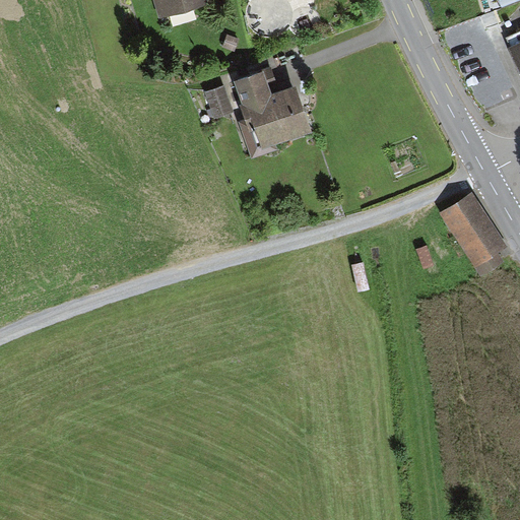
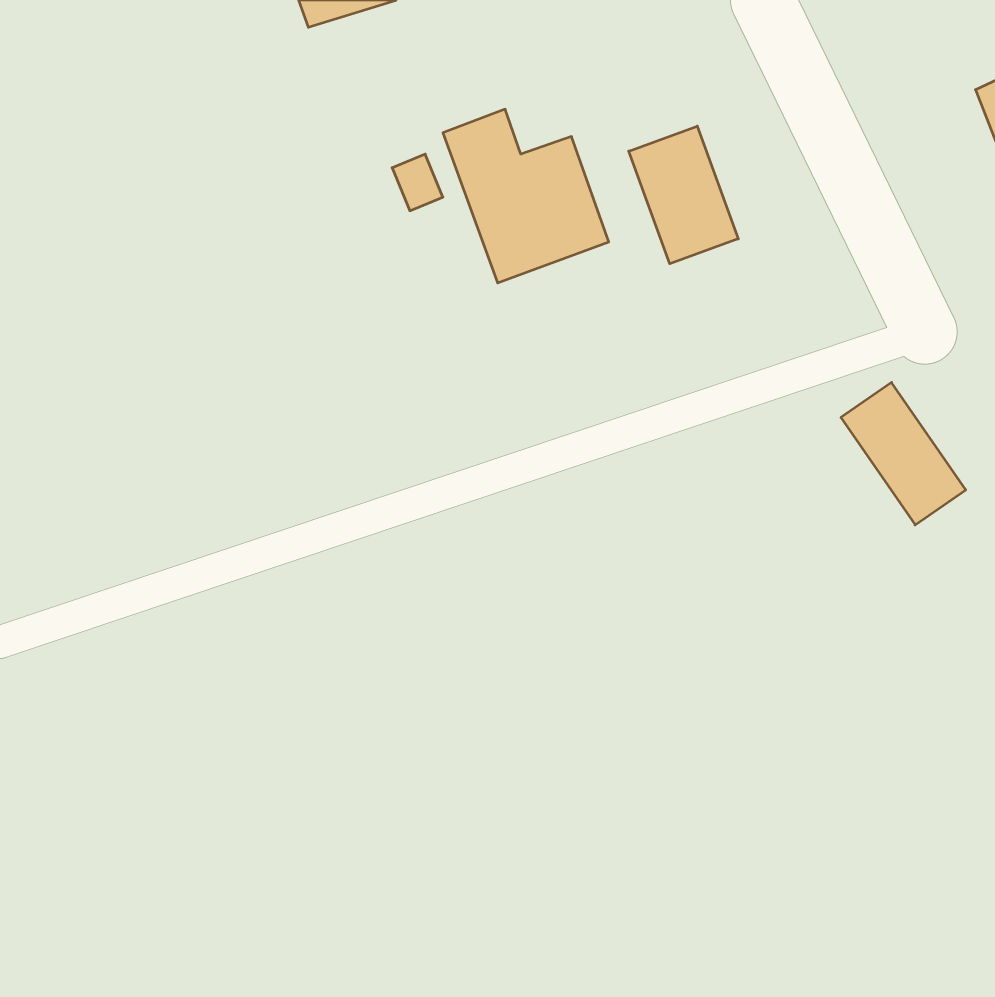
building: none -> [629,126,738,264]

